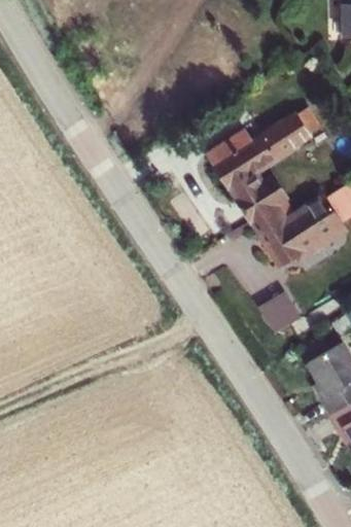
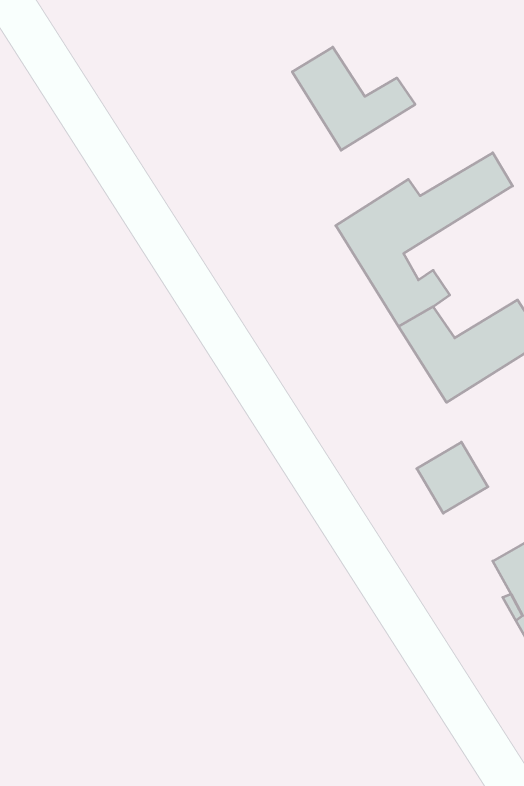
building: none -> [292,47,415,150]

